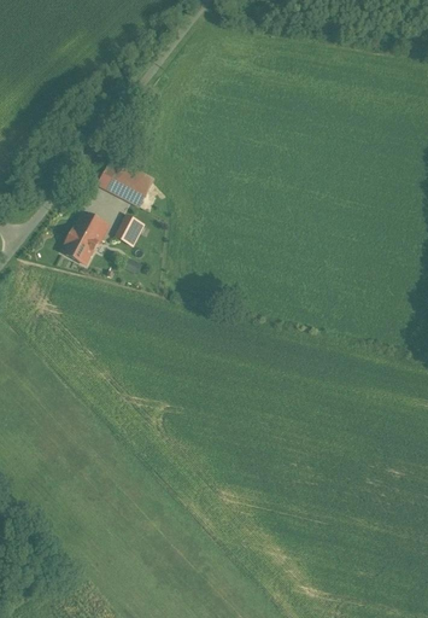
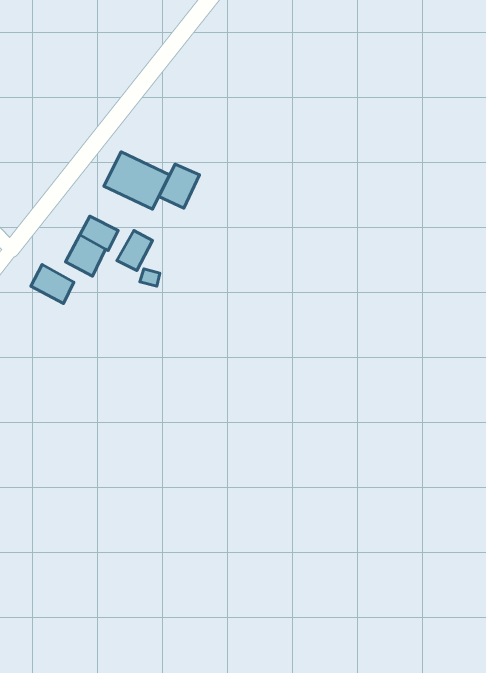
building: none -> [159,164,199,208]
building: none -> [31,264,74,303]

